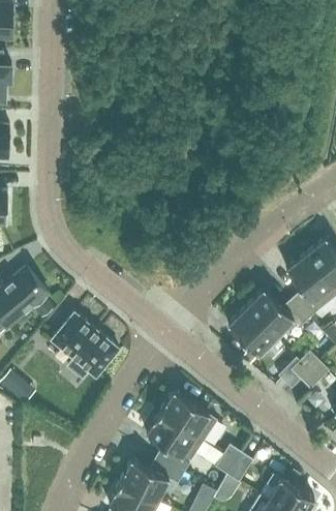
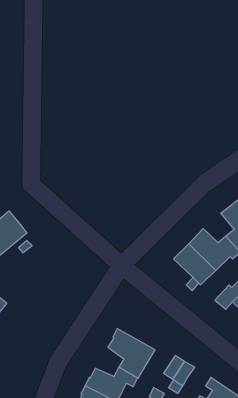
building: [52,312,119,379] -> none
building: [158,390,217,438] -> none

